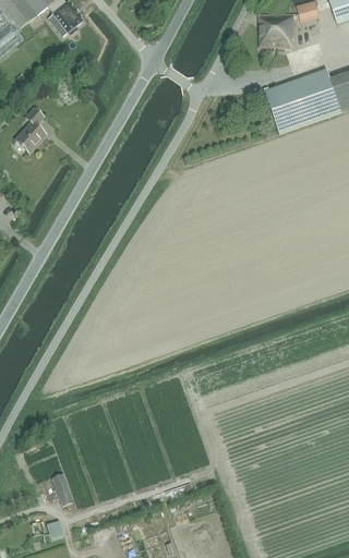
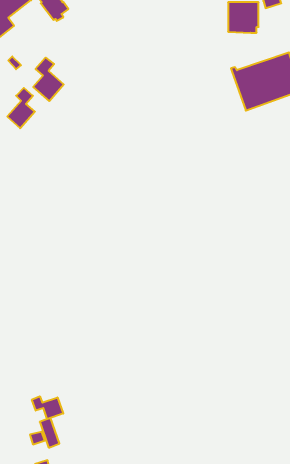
building: none -> [33,58,64,101]
building: none -> [32,396,63,419]

